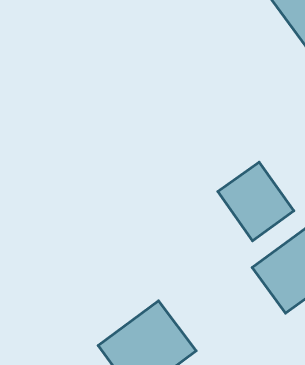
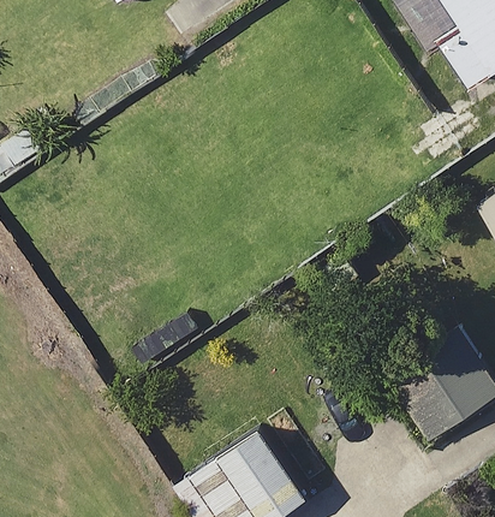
building: [218,162,294,241] -> none

